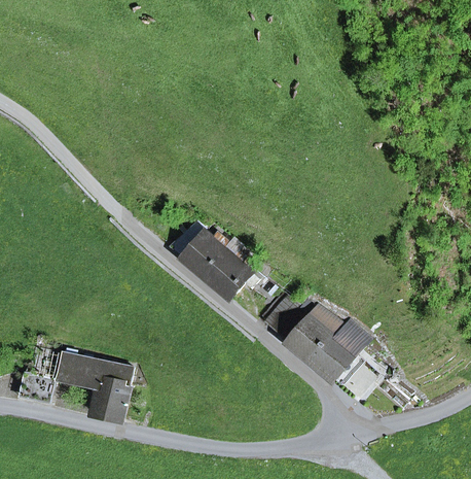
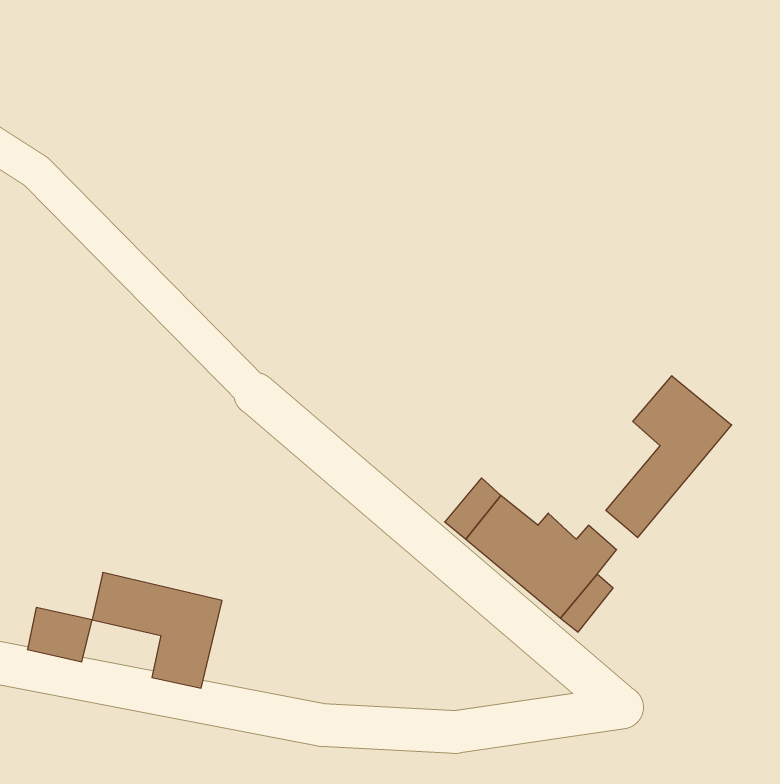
building: [181,233,256,297] -> none
building: none -> [606,376,732,538]

